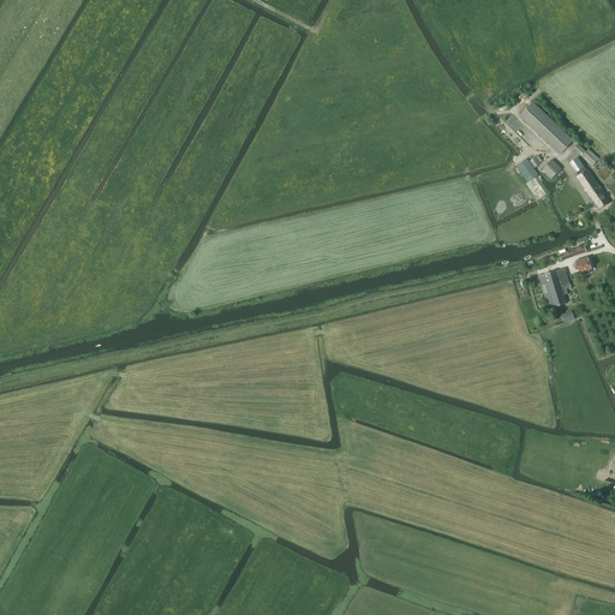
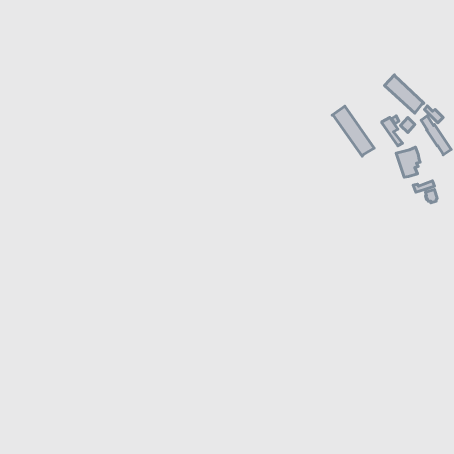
building: none -> [332,106,374,156]
building: [537,267,569,308] -> [396,147,420,177]

